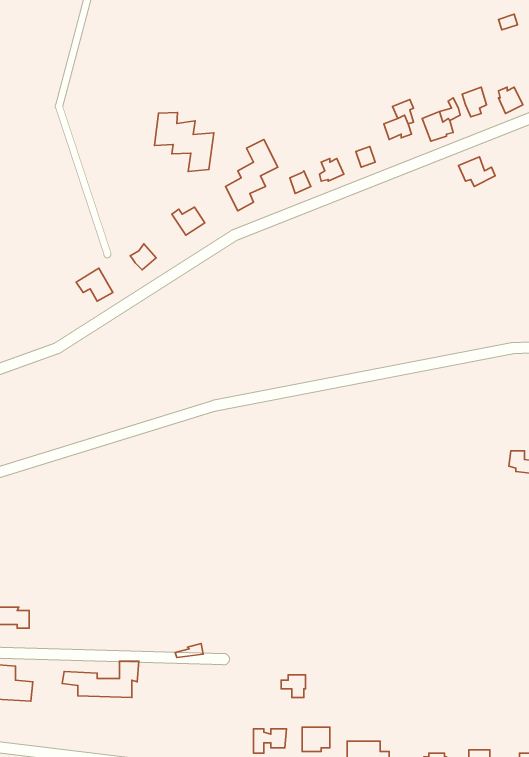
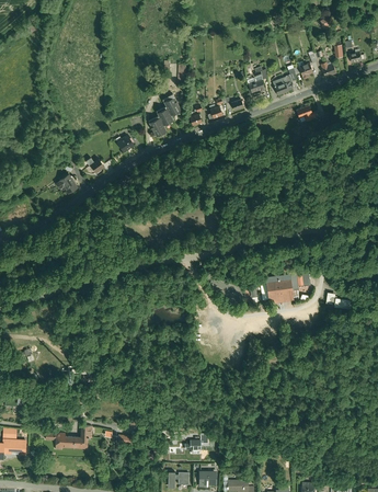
building: [154,112,214,172] -> none
building: none -> [261,274,311,304]

